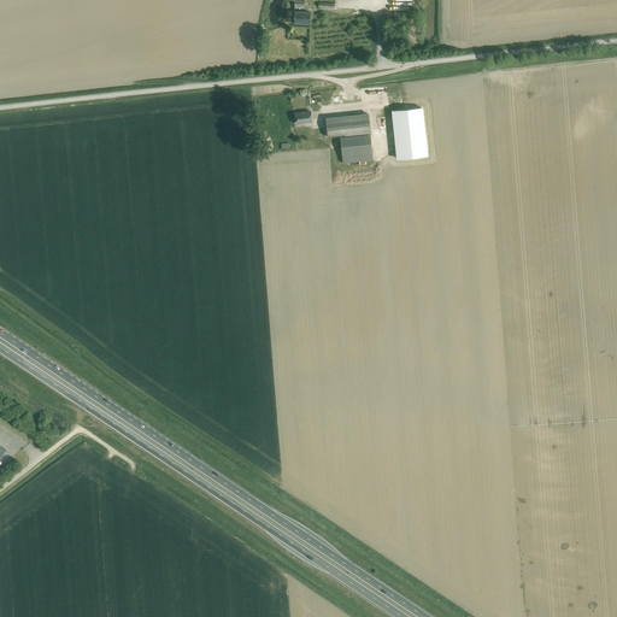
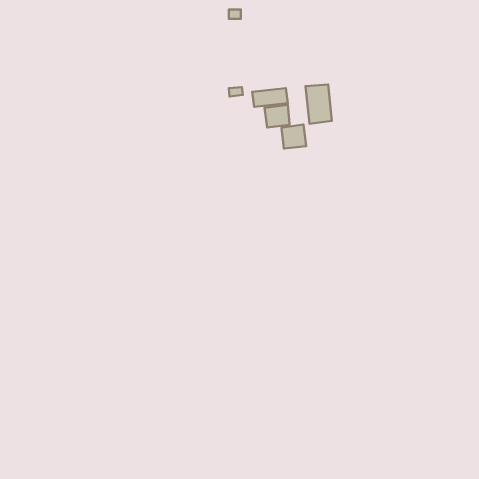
building: none -> [281,125,306,148]

